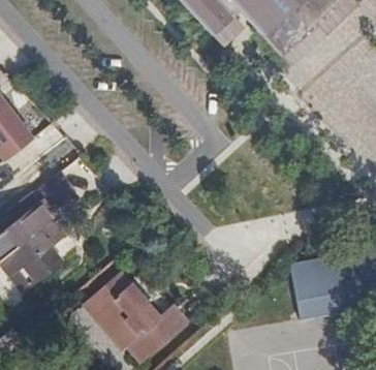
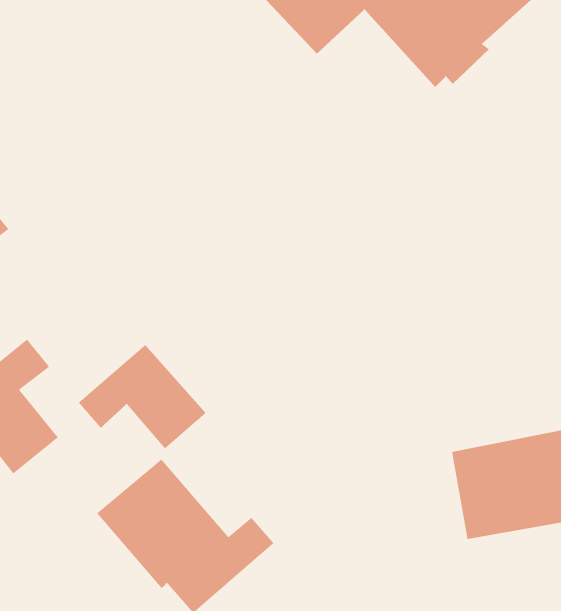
building: none -> [78,344,206,449]

